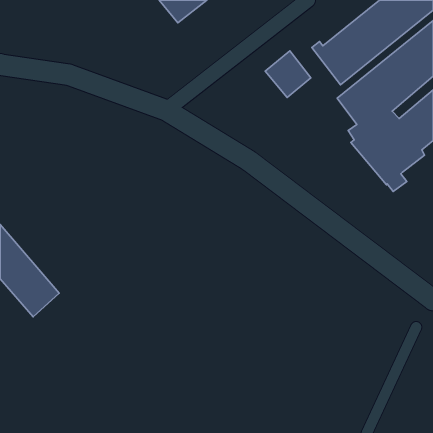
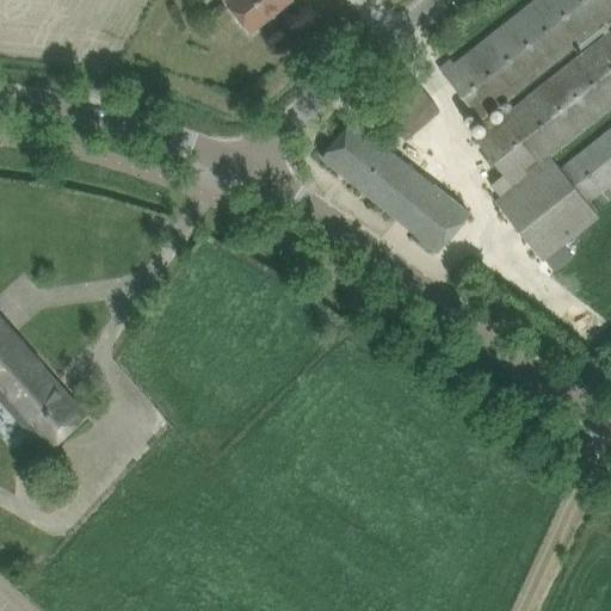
building: none -> [321,119,468,251]

